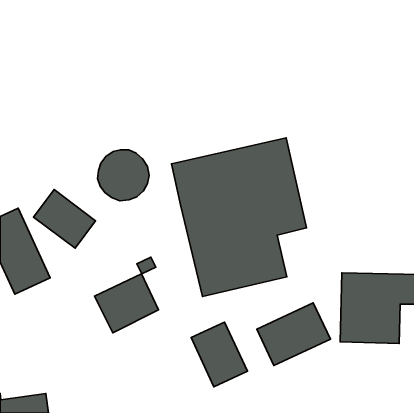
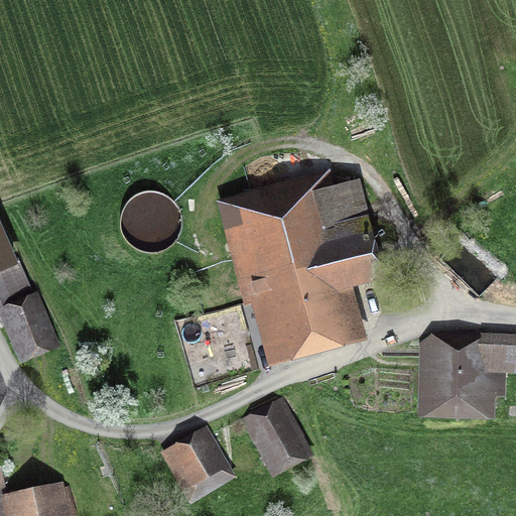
building: [34,190,96,248] -> none
building: [95,274,159,333] -> [150,429,229,502]
building: [257,303,330,365] -> none

